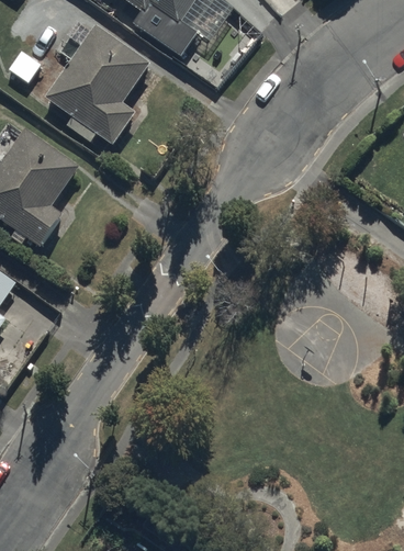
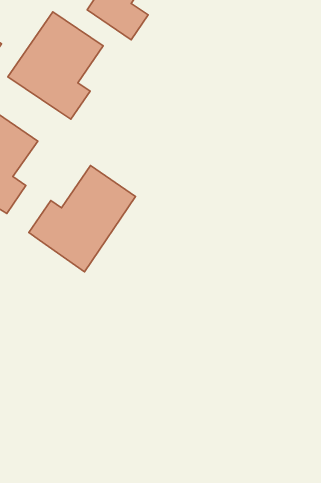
building: none -> [29,166,136,272]

